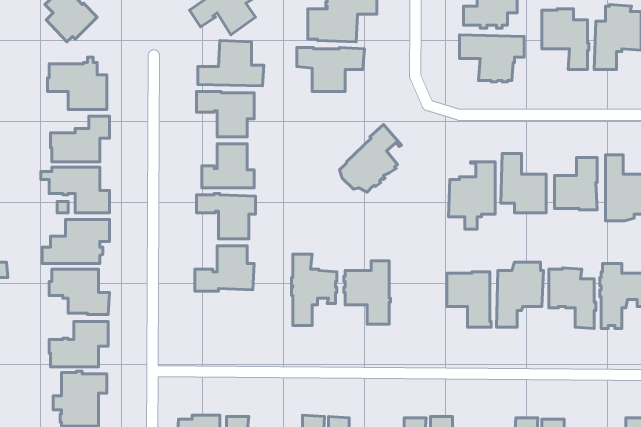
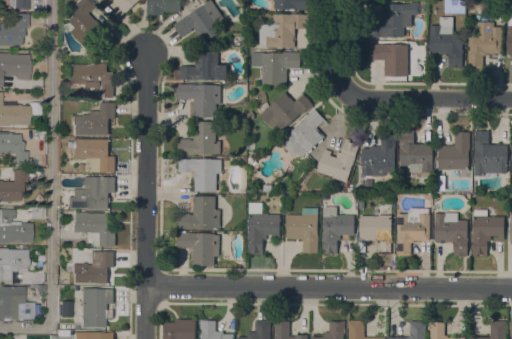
building: none -> [259,92,312,130]
building: none -> [317,140,358,181]
building: none -> [322,206,354,253]
building: none -> [177,233,219,266]

